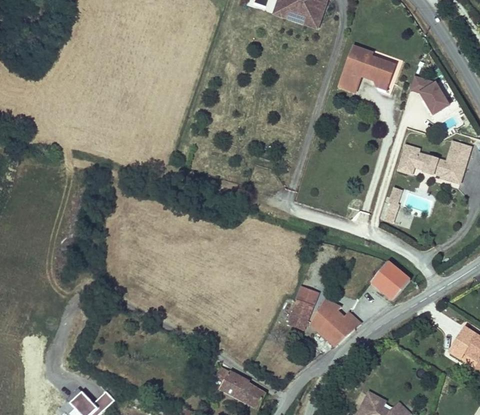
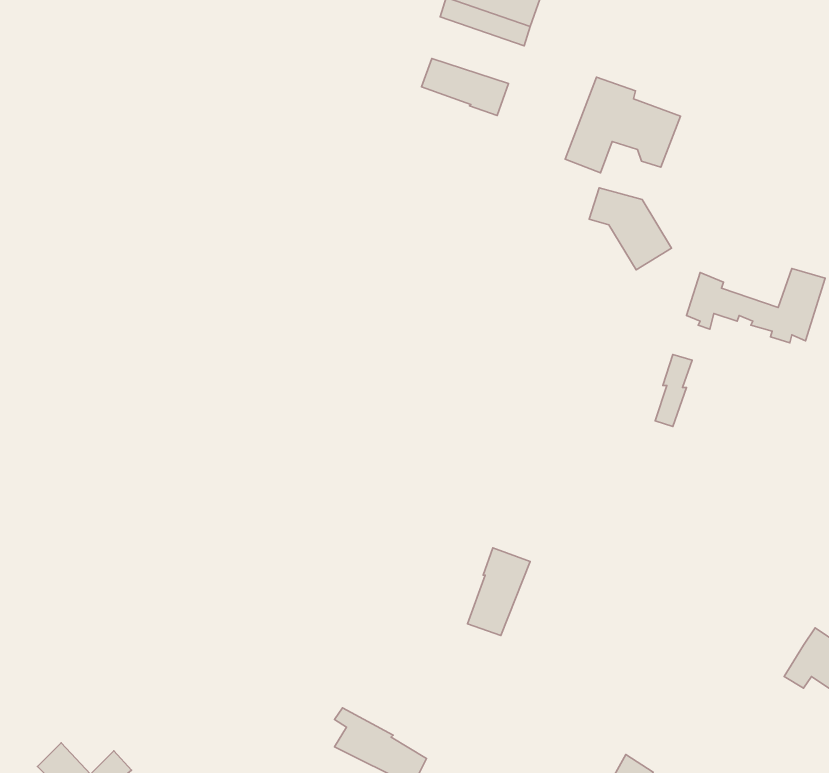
building: none -> [421,58,509,116]
building: [409,74,451,116] -> [589,188,671,270]
building: [371,260,410,299] -> none
building: [310,299,359,345] -> none

